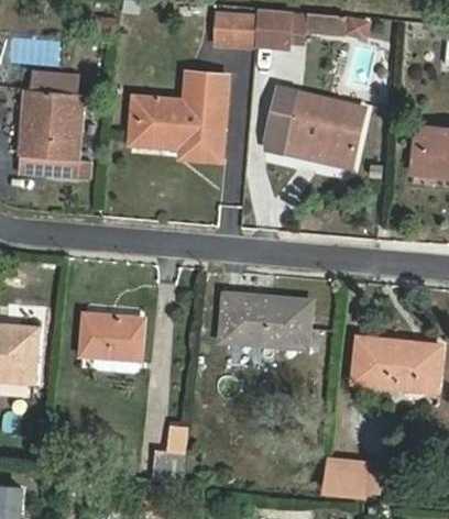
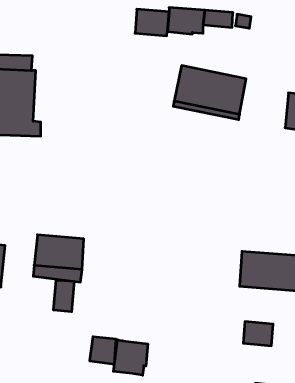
building: [127,74,225,161] -> none
building: [220,289,314,349] -> none
building: none -> [54,280,74,312]
building: none -> [113,340,148,375]
building: [327,463,366,495] -> [243,322,273,346]

